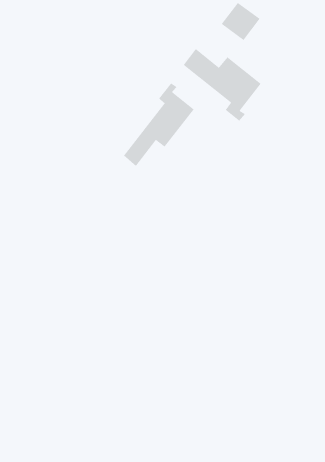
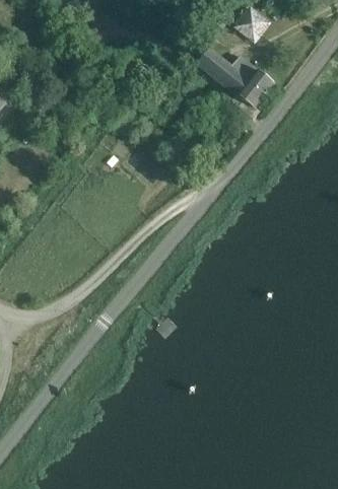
building: [123,83,194,167] -> none

